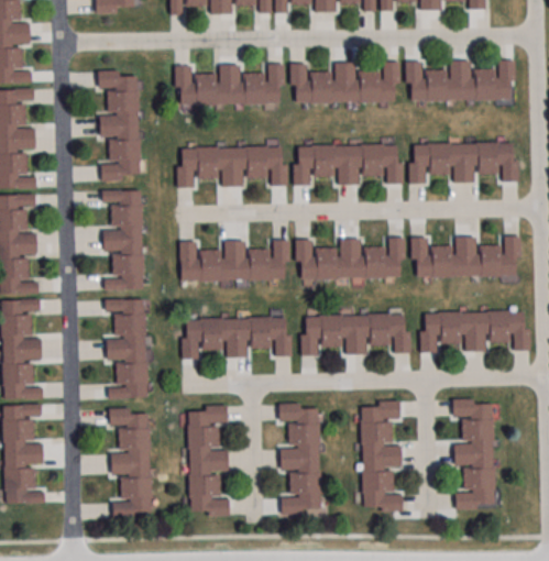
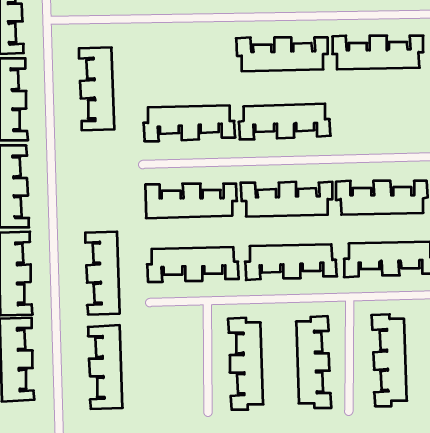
building: [174,64,284,106] -> none
building: [407,141,518,184] -> none
building: [101,189,143,289] -> none
building: [187,405,229,516] -> none

